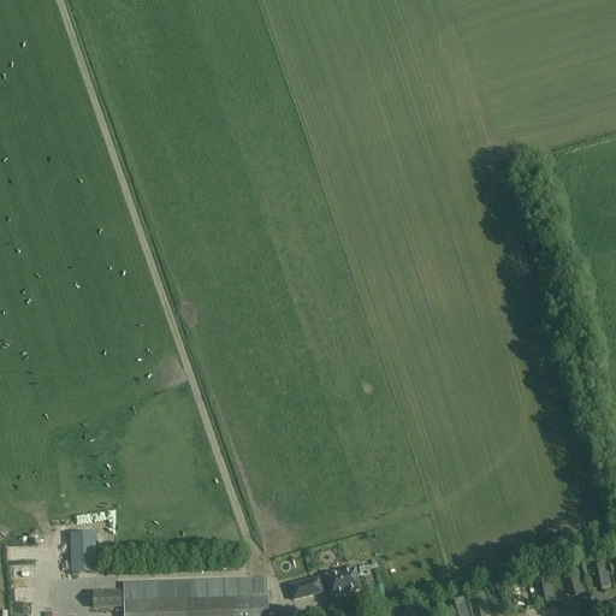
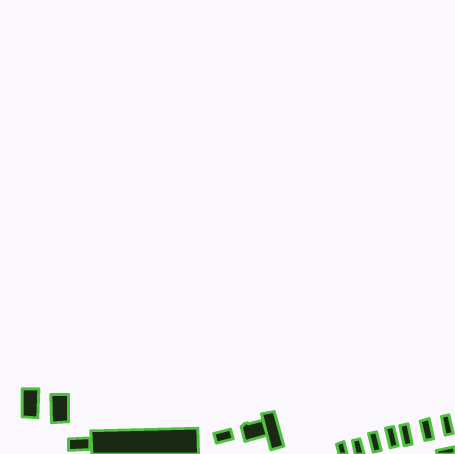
building: none -> [22,389,39,418]
building: none -> [262,412,284,450]

